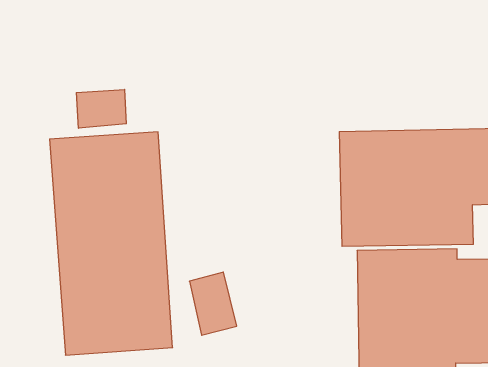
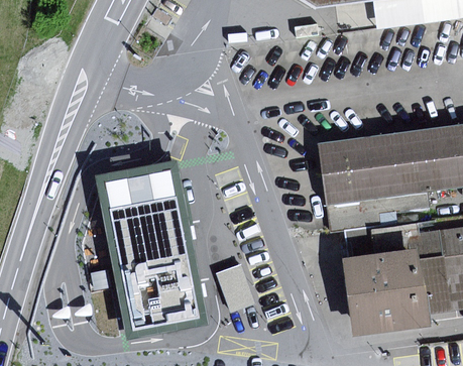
building: [76,89,126,128] -> none

